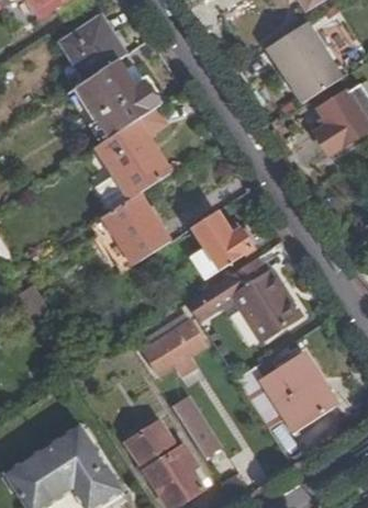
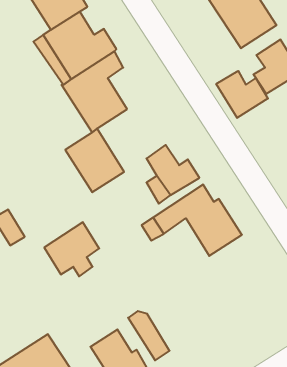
building: none -> [216,71,268,118]
building: [143,317,205,379] -> [44,222,99,276]
building: [266,358,336,433] -> none

